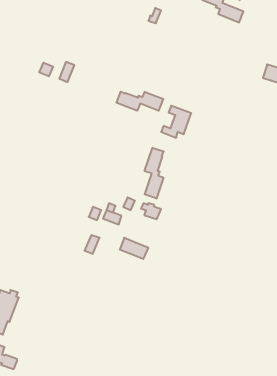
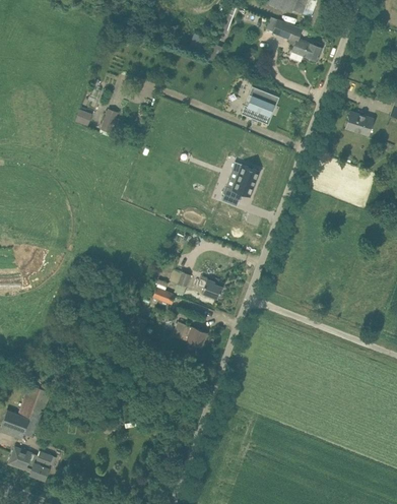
building: none -> [241,85,279,124]
building: [117,92,163,111] -> none
building: [145,148,164,199] -> none

